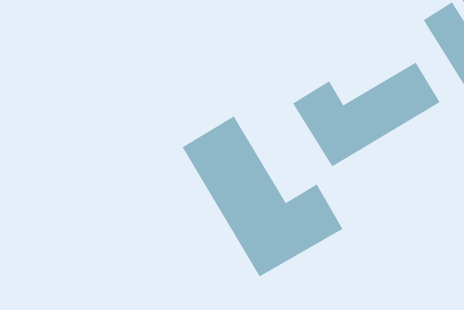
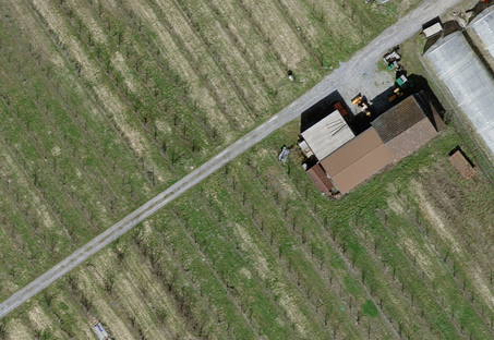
building: [182,116,343,277] -> none

